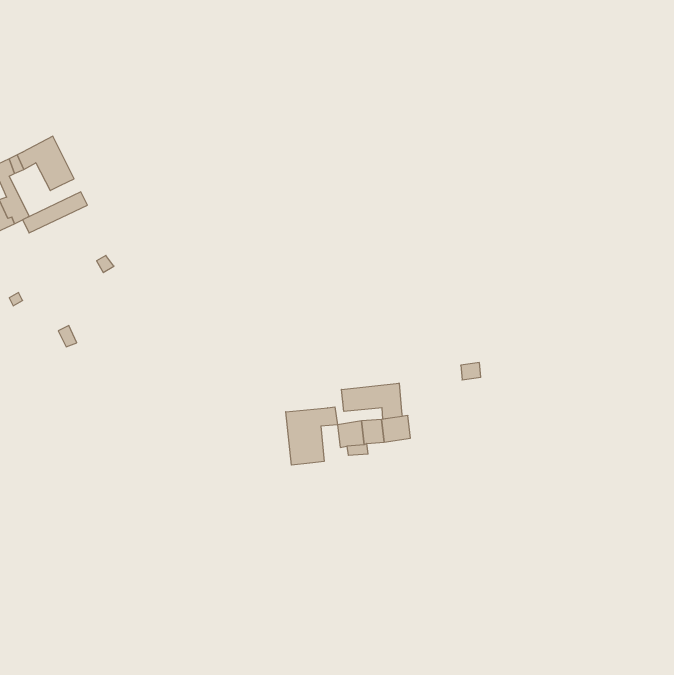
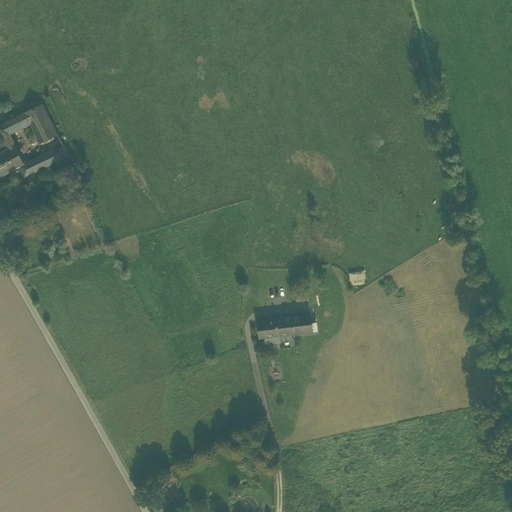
building: [341,383,402,419] -> none
building: [286,407,338,465] -> none

